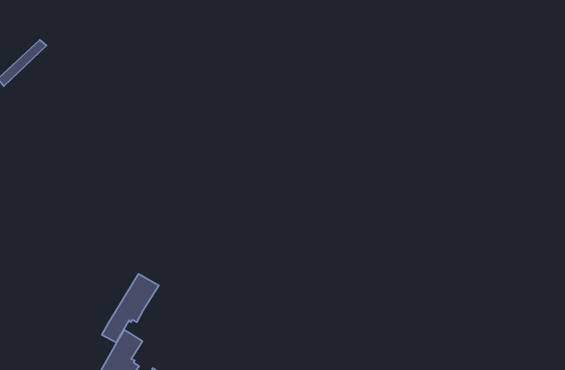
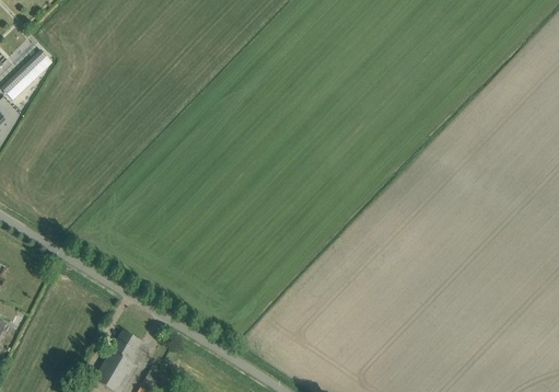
building: [102,274,159,343] -> none

